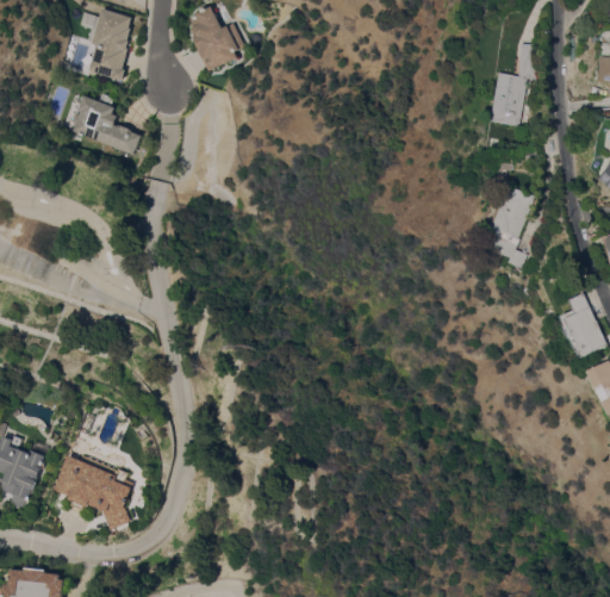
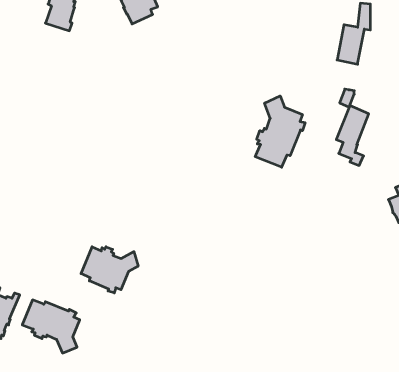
building: [67,93,137,155] -> none
building: none -> [255,96,305,167]
building: none -> [81,247,138,293]

